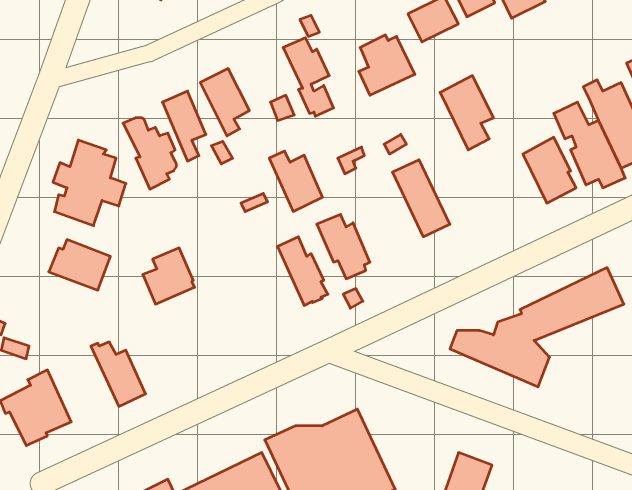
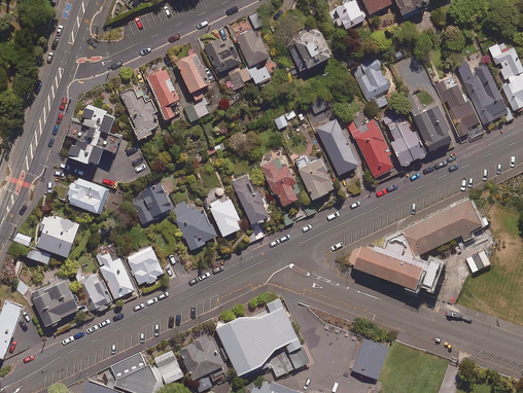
building: none -> [202,38,240,73]
building: [269,151,322,211] -> [293,155,333,200]
building: none -> [379,113,424,168]
building: none -> [345,118,392,178]
building: none -> [209,200,239,237]
building: none -> [169,202,214,250]
building: none -> [36,216,79,258]
building: none -> [126,246,163,285]
building: none -> [79,275,111,312]

